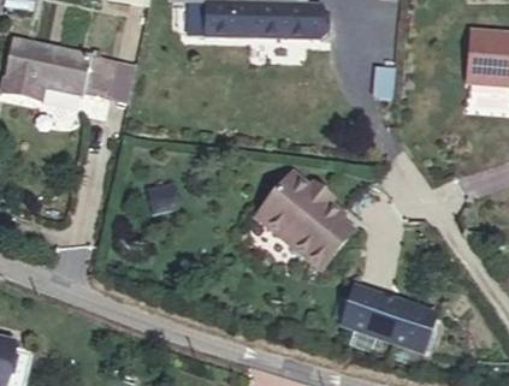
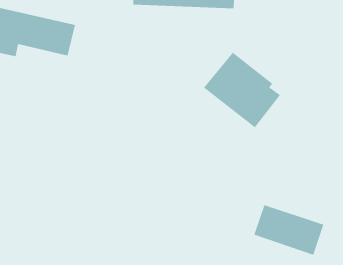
building: [255,171,354,268] -> [203,52,281,128]

